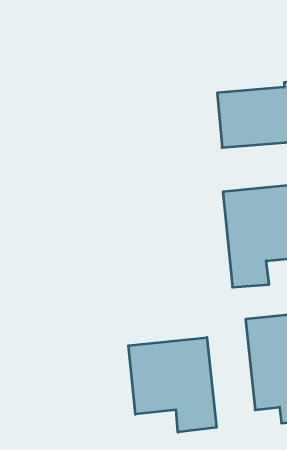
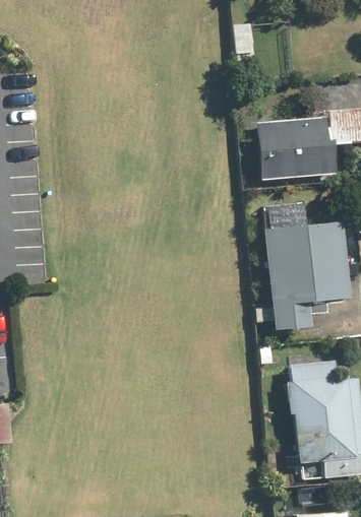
building: [128,337,216,432] -> none

